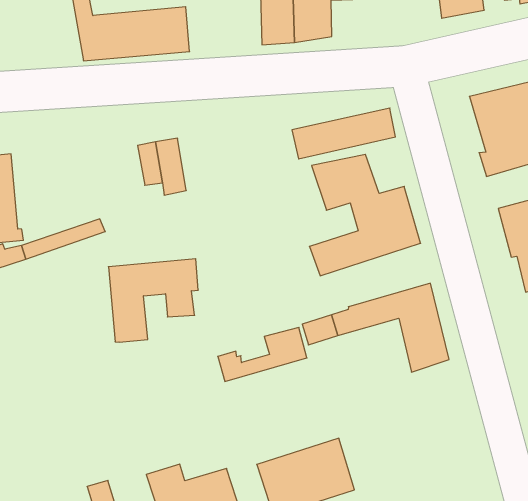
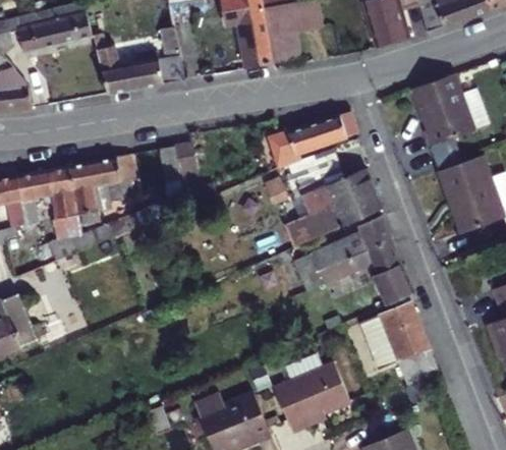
building: [108,259,198,342] -> [65,157,134,225]
building: [218,327,307,381] -> [323,215,390,261]
building: none -> [364,300,440,384]

